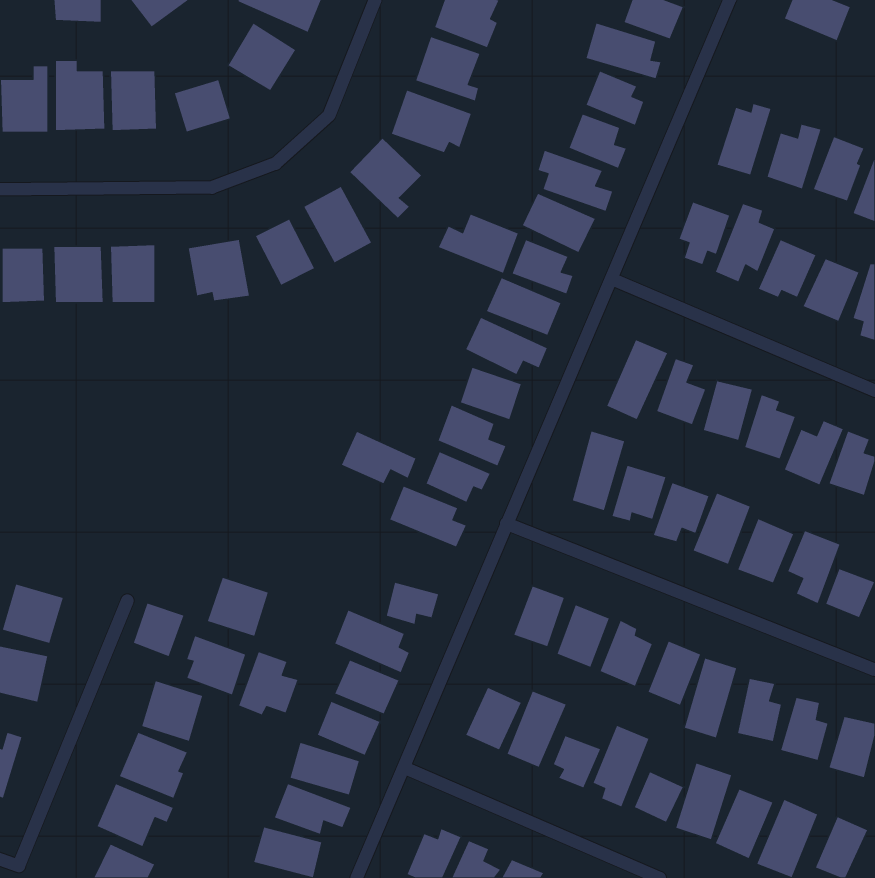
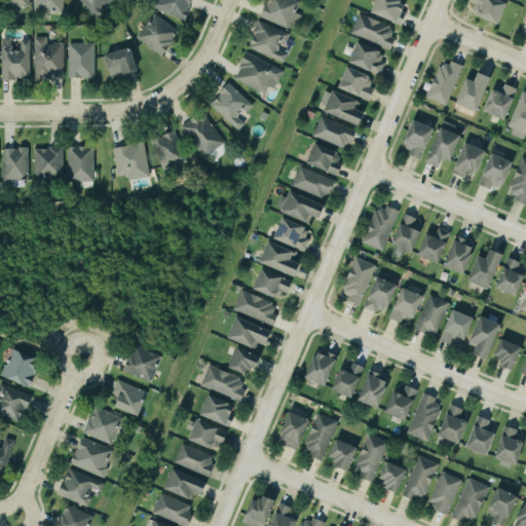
building: [438,214,519,274] -> none
building: [341,431,417,484] -> [228,317,273,349]
building: [133,602,185,657] -> none
building: [238,651,299,716] -> none

